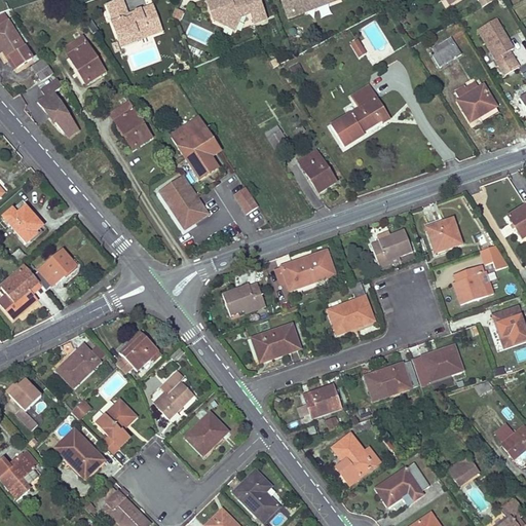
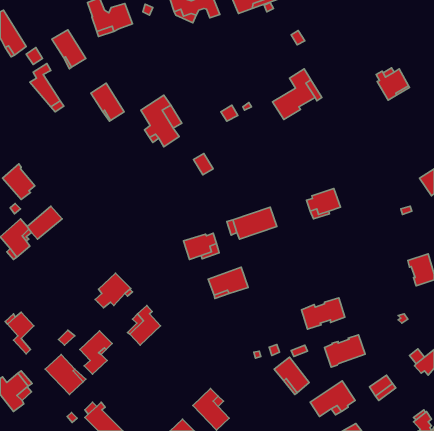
building: [477,17,519,74] -> none
building: [431,36,461,66] -> none
building: [298,149,335,190] -> none
building: [159,174,210,228] -> none
building: [426,218,460,251] -> none
building: [453,265,494,304] -> none
building: [328,281,373,334] -> none
building: [55,343,107,386] -> none
building: [413,345,462,384] -> [324,335,365,367]
building: [303,383,341,415] -> none
building: [185,412,227,453] -> none

